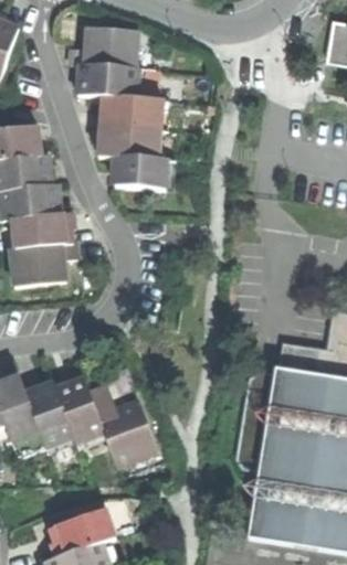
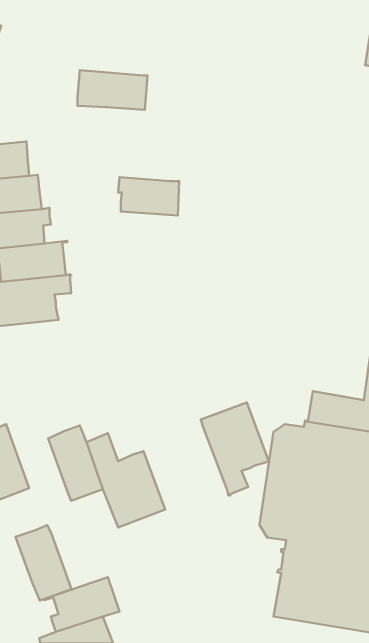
building: [71,28,138,68] -> none
building: [101,96,162,160] -> none
building: none -> [201,403,269,496]
building: [22,376,71,441] -> [16,525,72,600]

